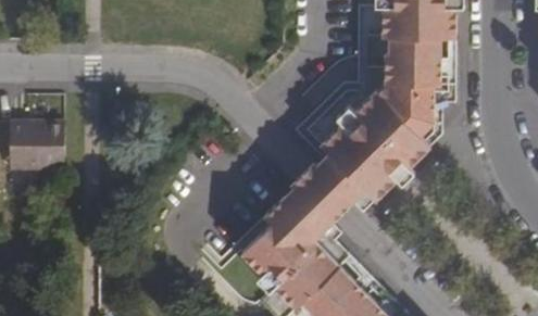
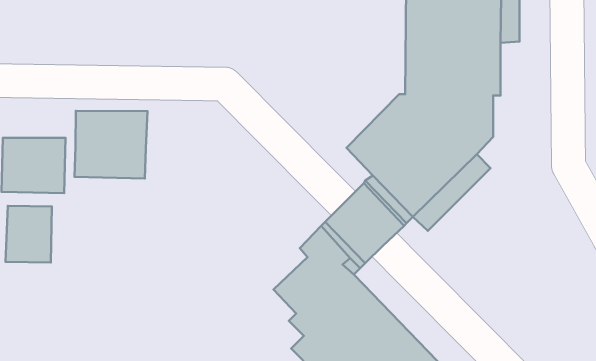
building: none -> [74,111,147,178]
building: none -> [6,206,52,263]

